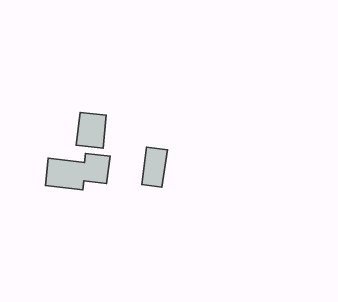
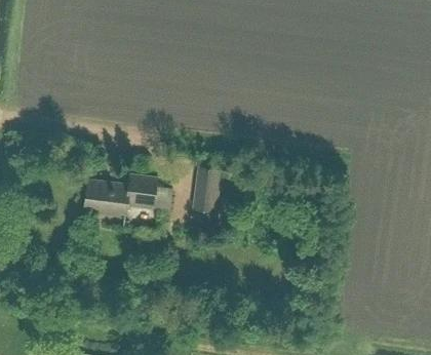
building: [76,113,106,148] -> none

